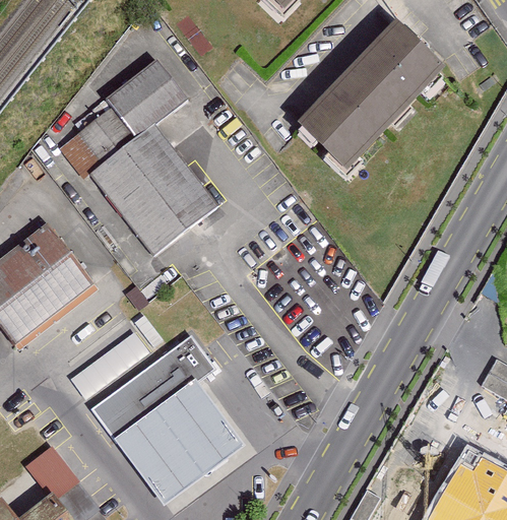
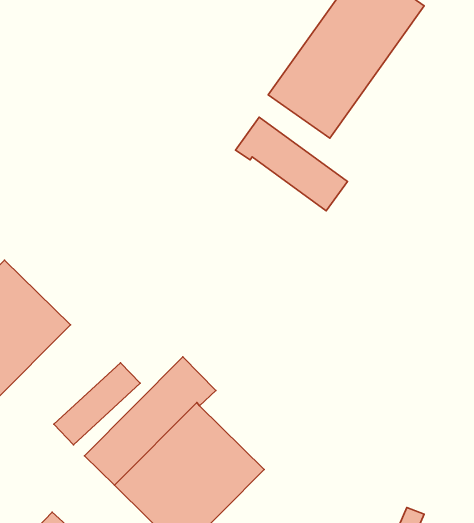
building: [58,66,221,259] -> none
building: none -> [235,117,348,211]

